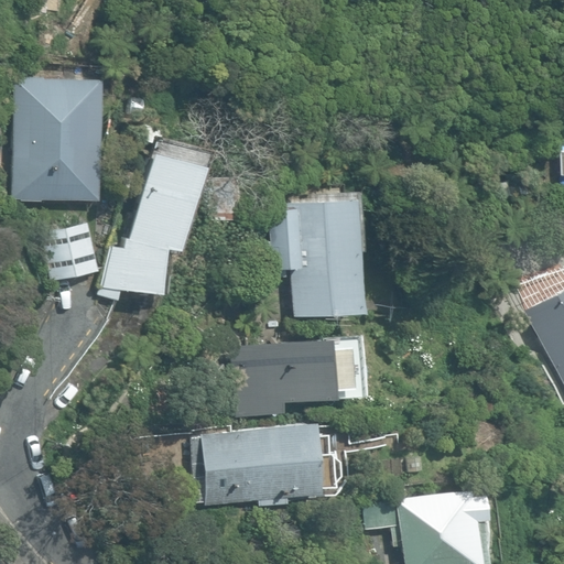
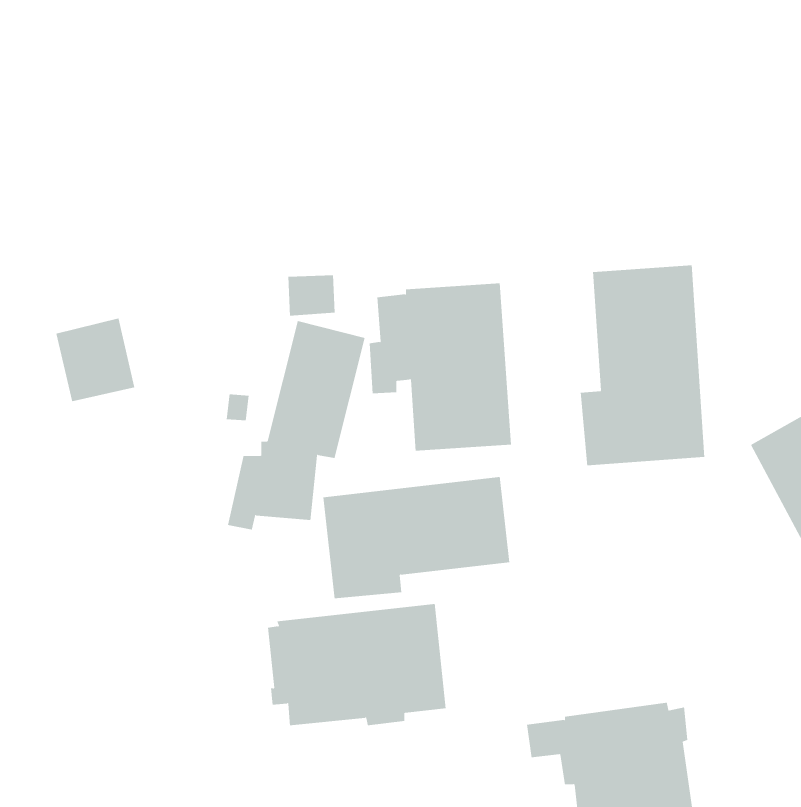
building: [17,82,101,204] -> none
building: [101,154,197,300] -> [227,320,365,530]
building: none -> [580,264,705,466]

